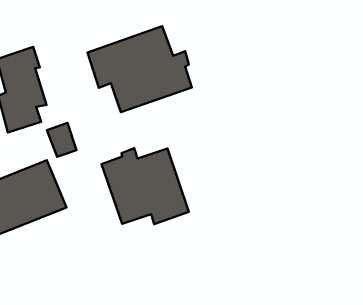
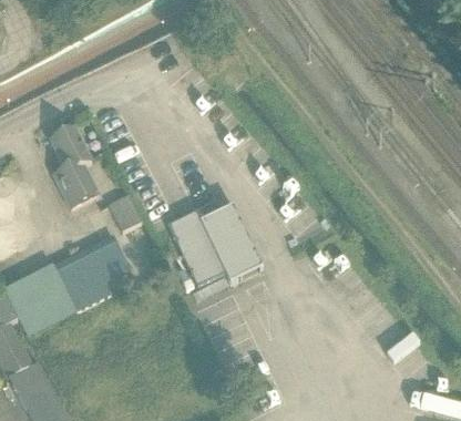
building: [87,26,192,112] -> none

